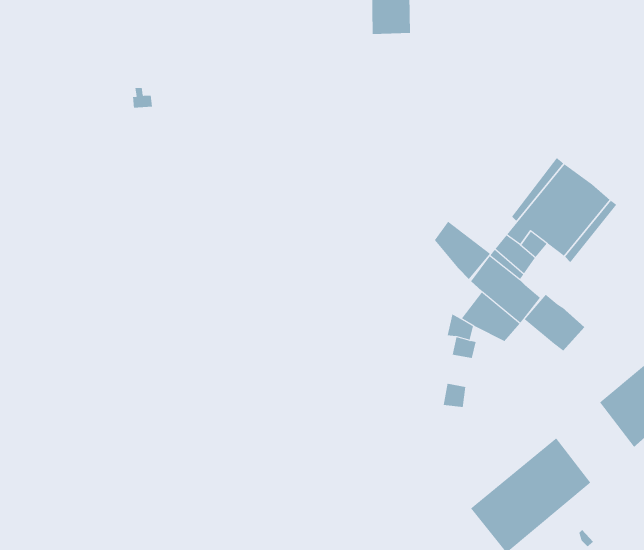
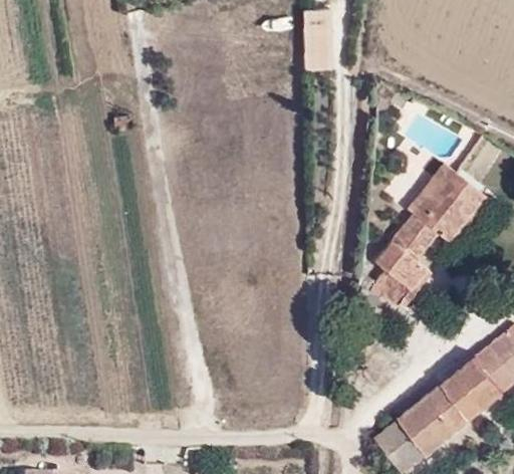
building: [434,221,491,280] -> none
building: [524,294,585,352] -> none
building: none -> [444,354,504,417]

